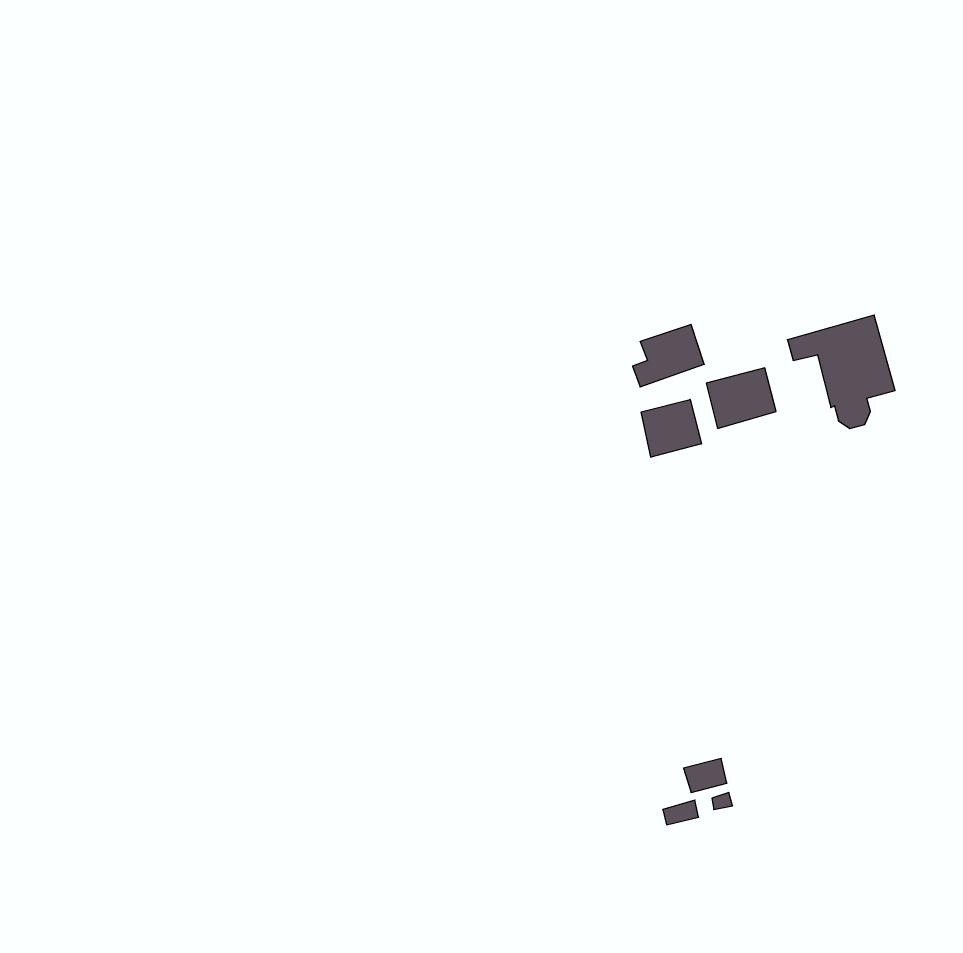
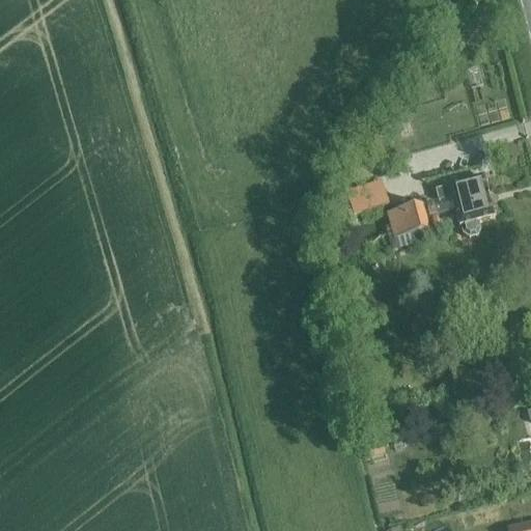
building: [641,399,702,457] -> none

